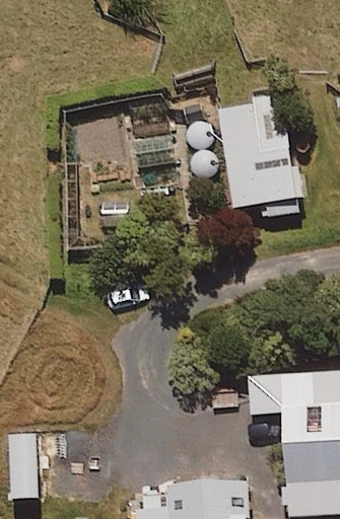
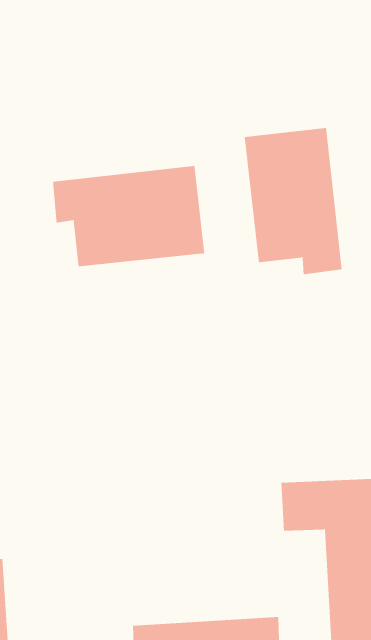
building: none -> [52,165,205,267]

